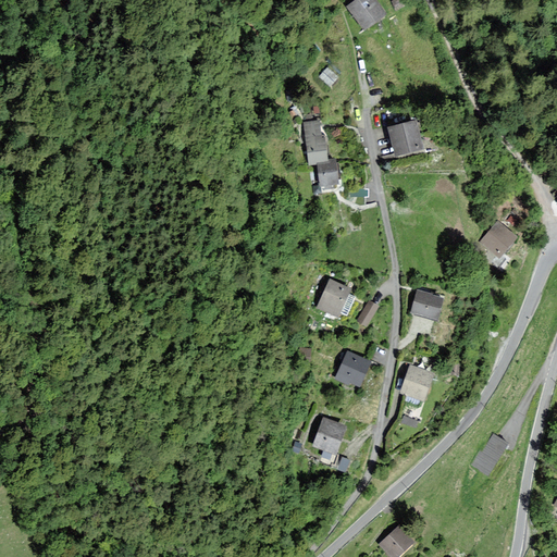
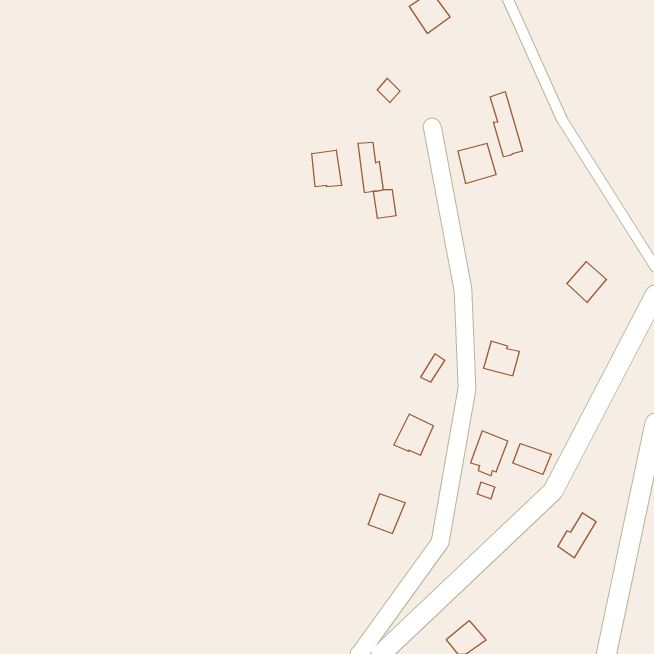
building: none -> [490,92,522,157]
building: none -> [312,150,342,187]
building: [318,280,355,317] -> none
building: none -> [513,444,551,474]

